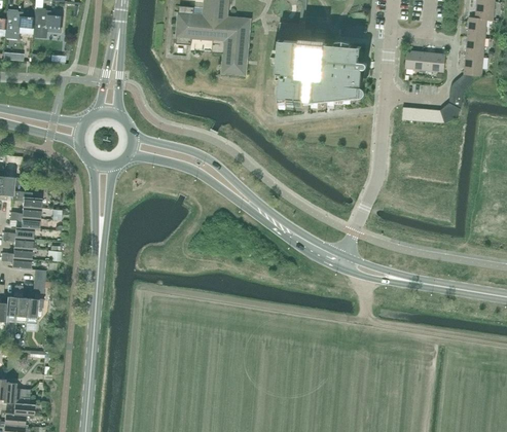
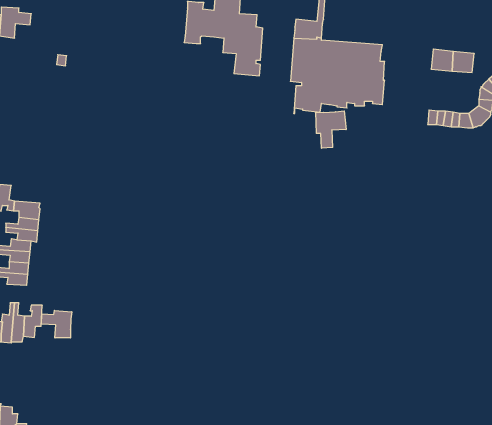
building: [32,8,63,37] -> none
building: none -> [316,111,346,148]
building: none -> [41,310,72,338]

